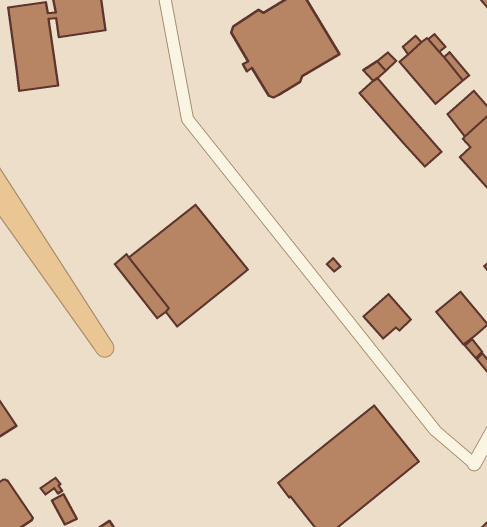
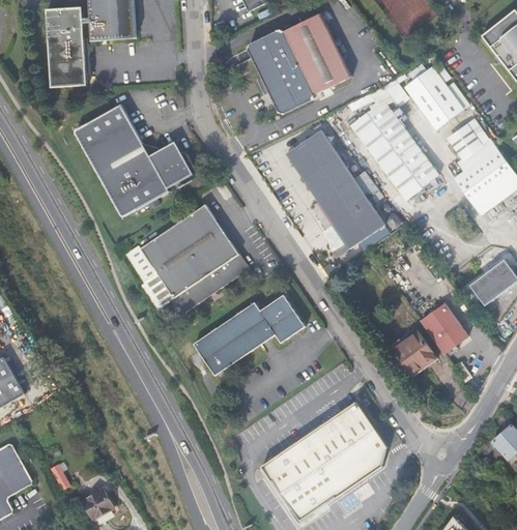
building: none -> [348,113,420,198]
building: none -> [76,105,193,214]
building: none -> [285,129,385,247]
building: [363,294,411,339] -> [392,331,435,372]
building: none -> [194,295,304,374]

